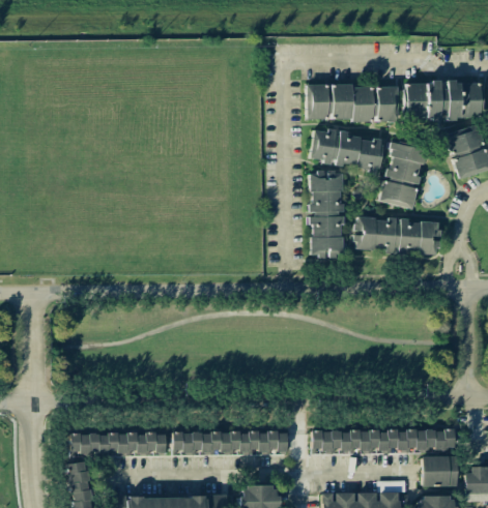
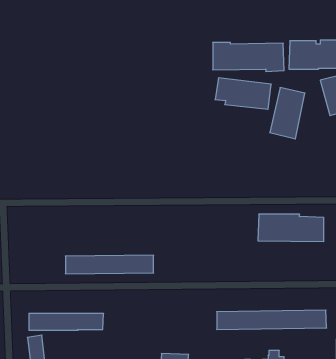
building: [310,172,343,258] -> none
building: [354,218,439,253] -> [258,214,324,242]
building: [173,431,287,455] -> [65,255,154,274]
building: [422,456,457,487] -> none

